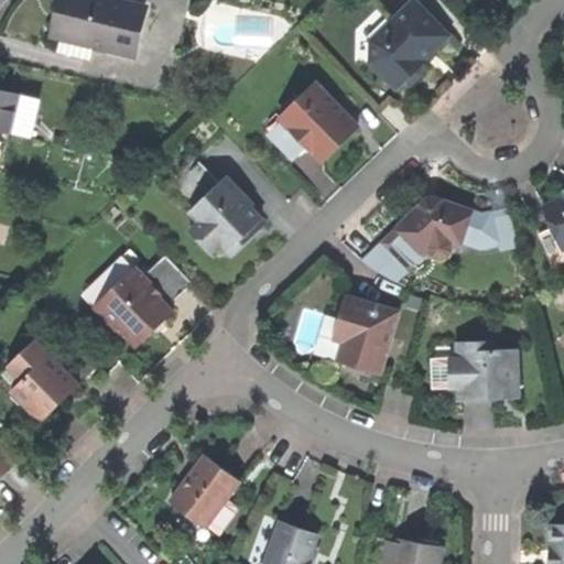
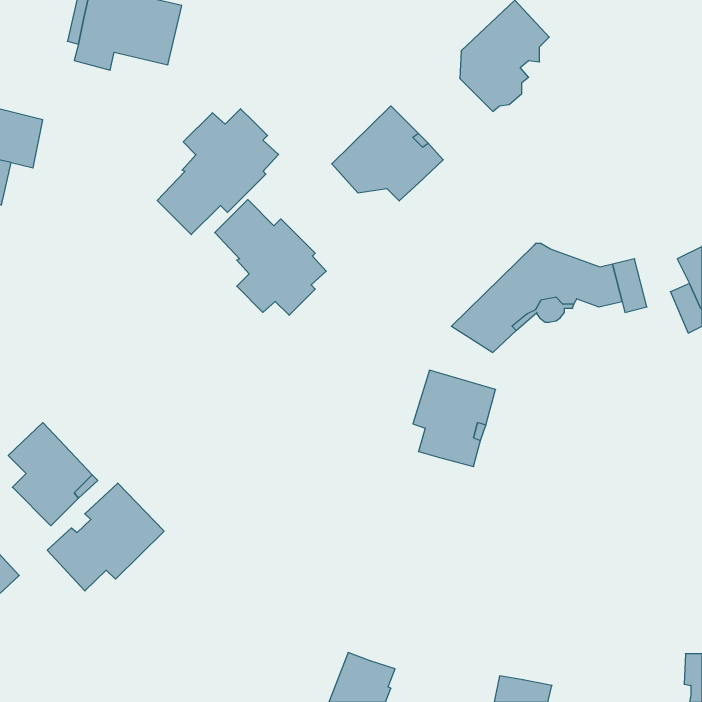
building: none -> [157,109,279,235]
building: [85,251,193,343] -> none
building: [430,343,516,400] -> none
building: none -> [47,483,164,591]
building: [169,457,237,529] -> none

